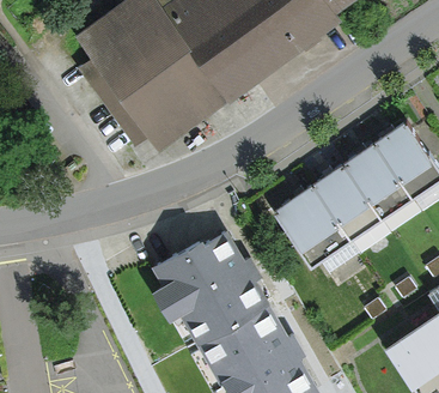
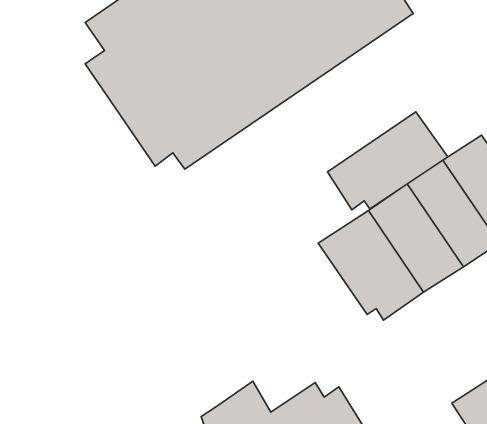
building: none -> [327,112,448,210]
building: [152,222,270,344] -> none

